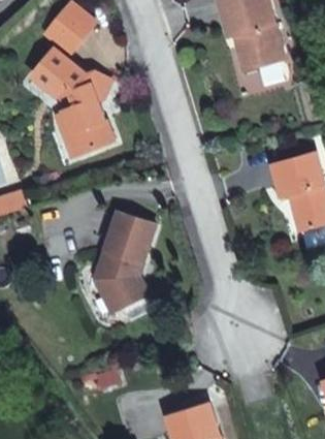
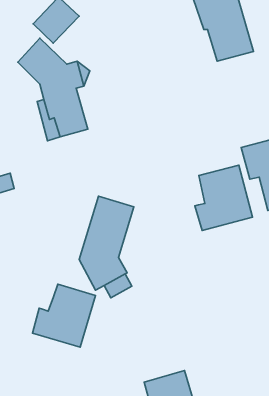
building: none -> [195,165,253,231]
building: none -> [32,284,96,347]

